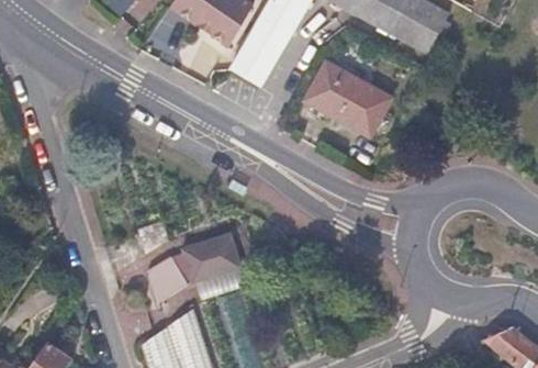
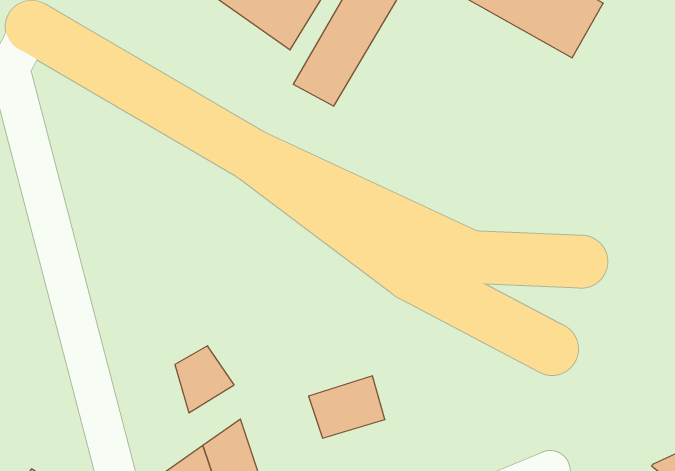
building: [304,60,392,136] -> none
building: [184,235,238,279] -> [309,376,385,438]

